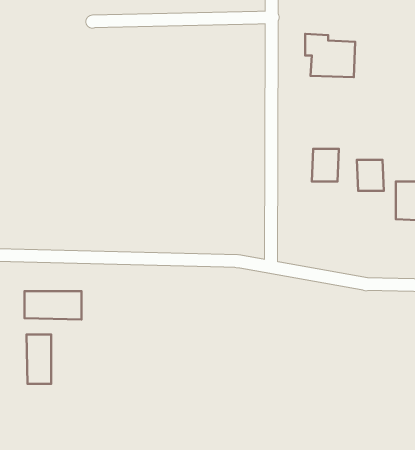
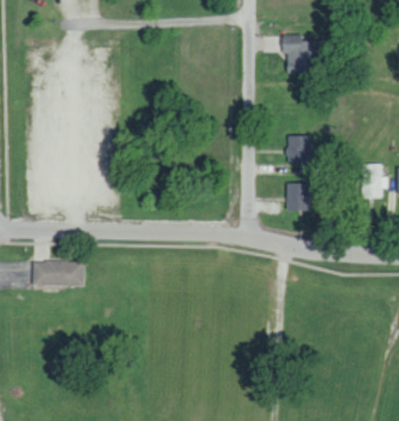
building: [357,160,384,191] -> [286,184,310,212]
building: [26,334,51,384] -> none

